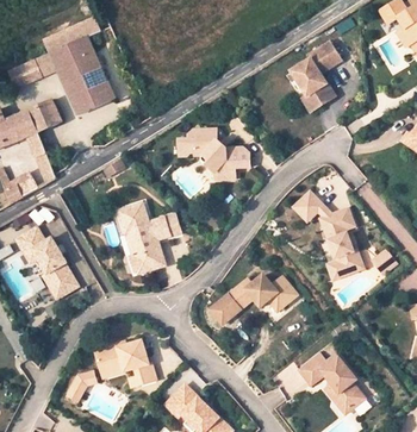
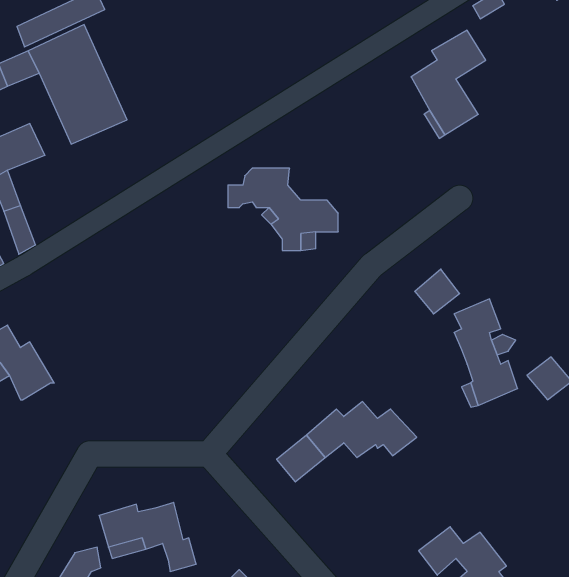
building: [118,200,169,271] -> none
building: [43,265,76,299] -> none

